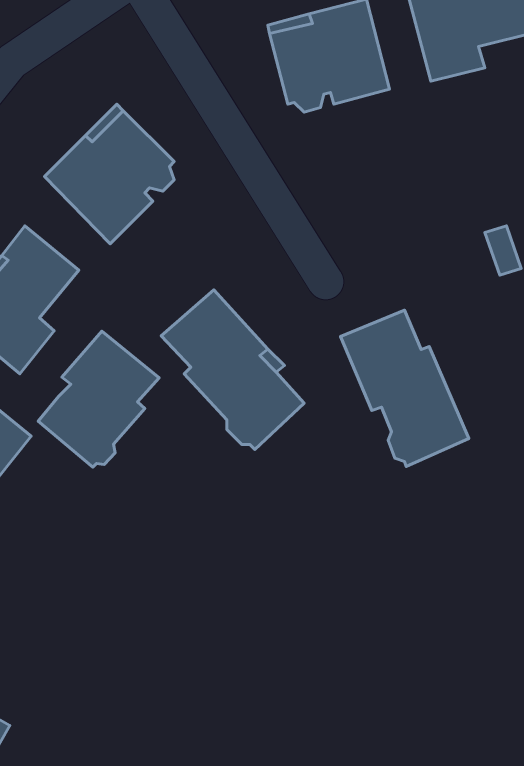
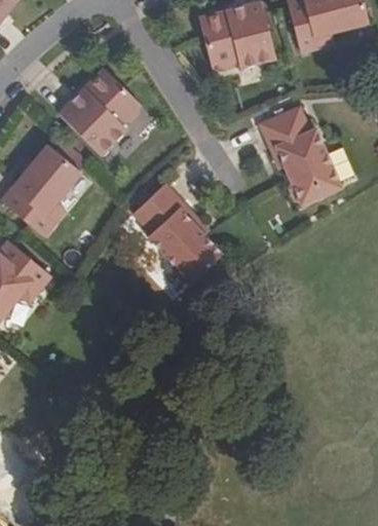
building: [340,310,469,466] -> [260,107,340,204]
building: [38,331,159,467] -> none

